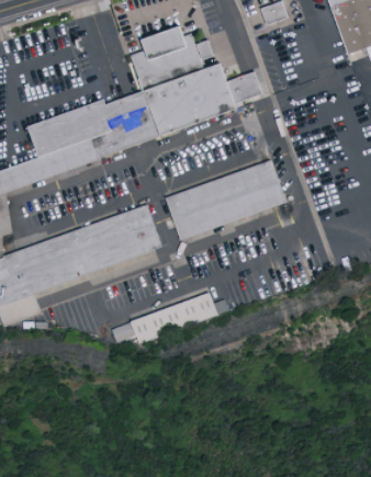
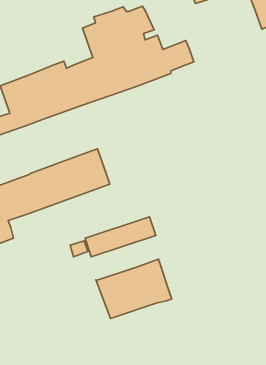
building: [166,158,286,243] -> none
building: none -> [96,259,172,318]

